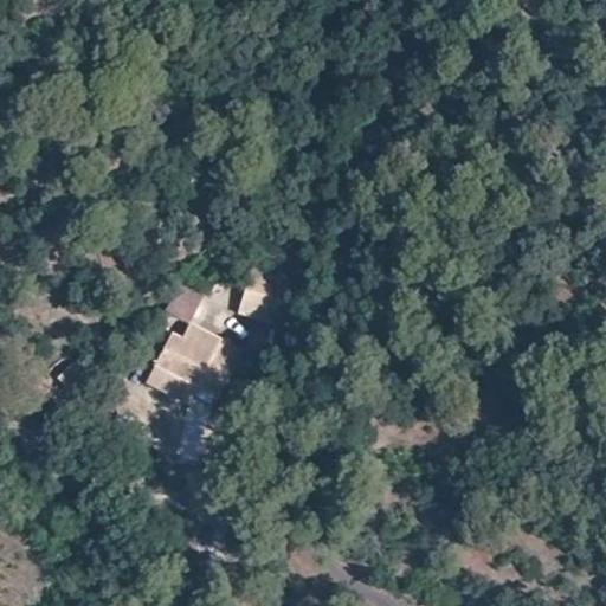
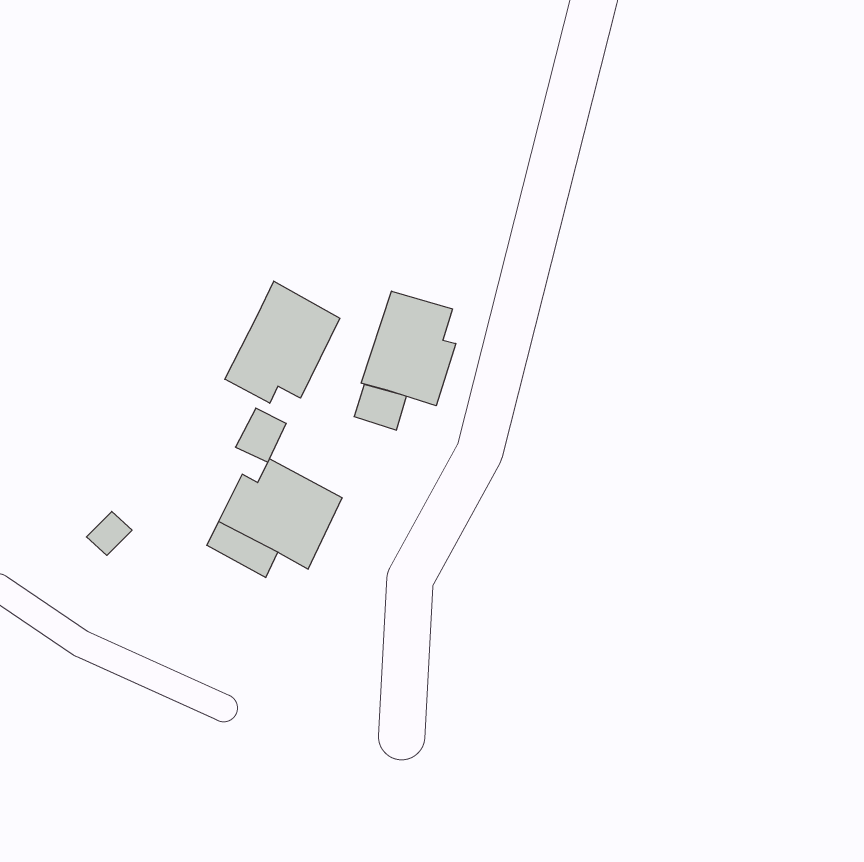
building: none -> [225,281,340,403]
building: none -> [361,291,456,406]

